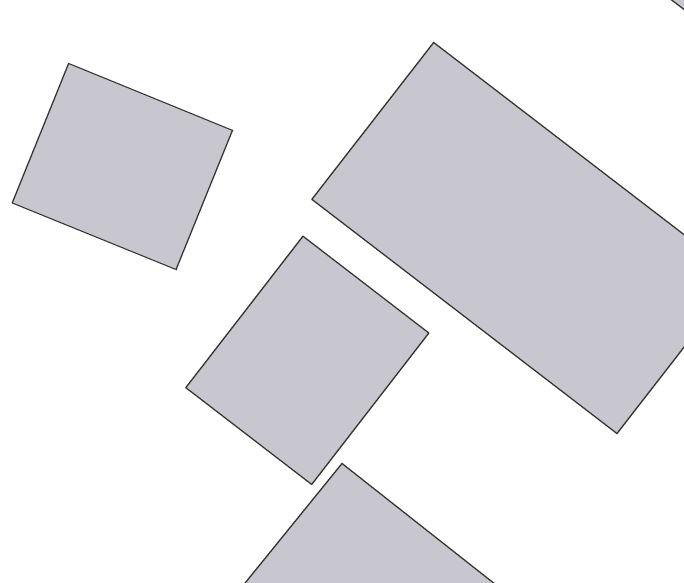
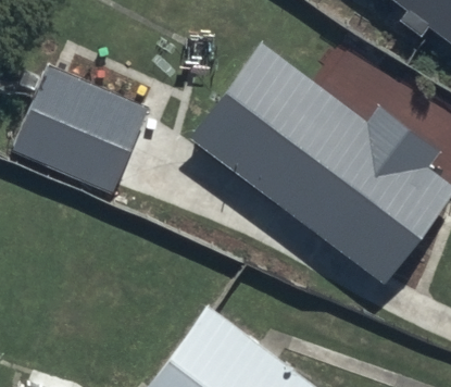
building: [186,236,429,484] -> none

